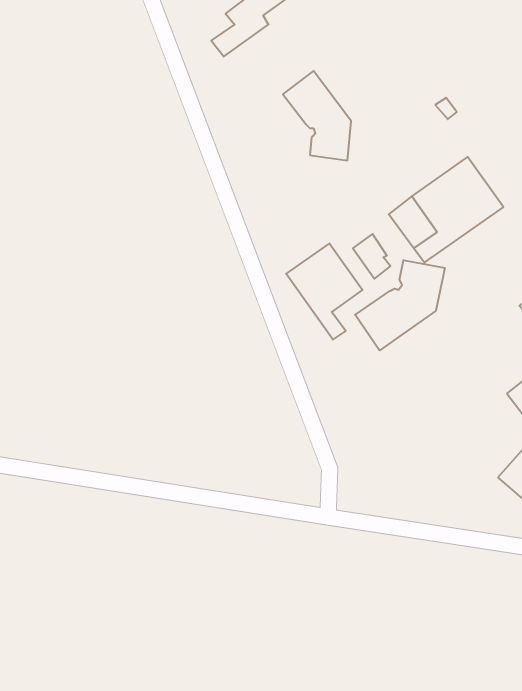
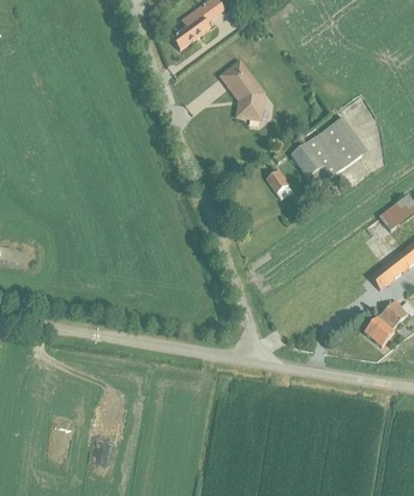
building: [286,243,362,340] -> none
building: [355,260,445,350] -> none

